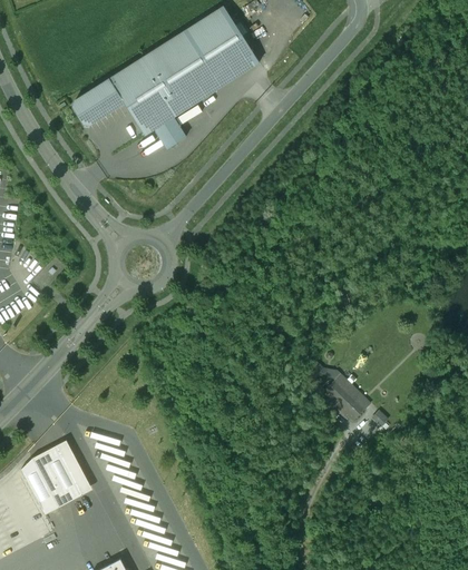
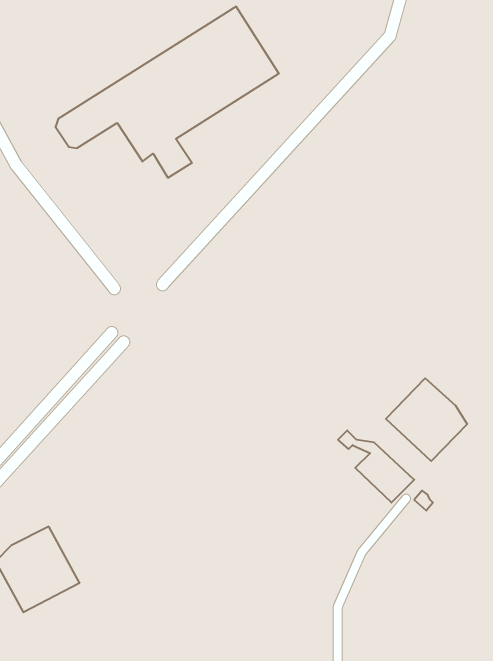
building: none -> [386,378,467,461]

